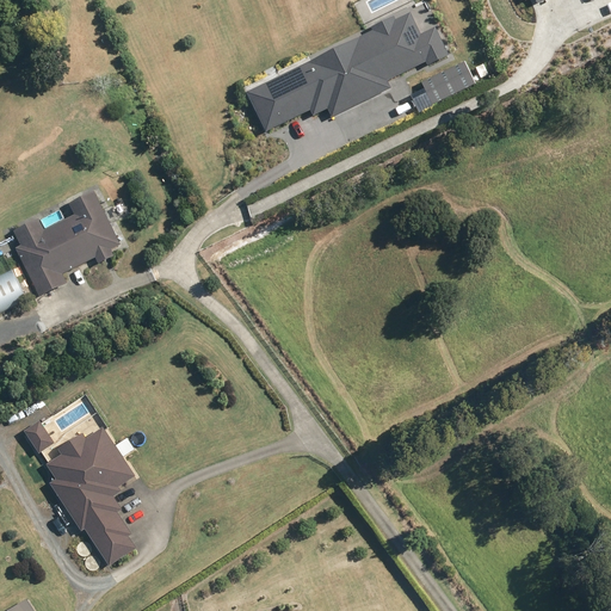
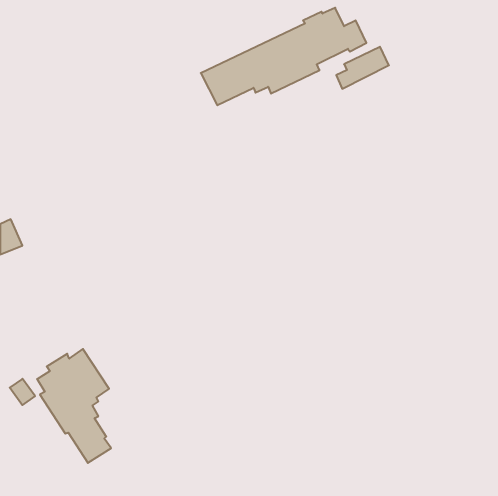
building: [13,192,121,298] -> none
building: [23,421,54,453] -> [10,379,35,405]

